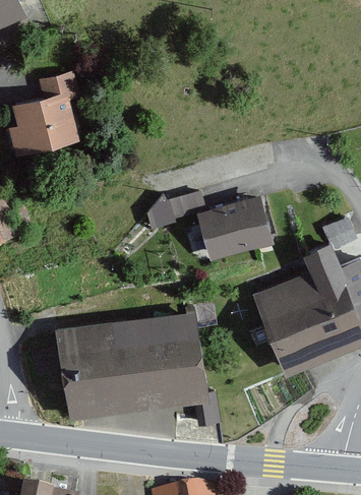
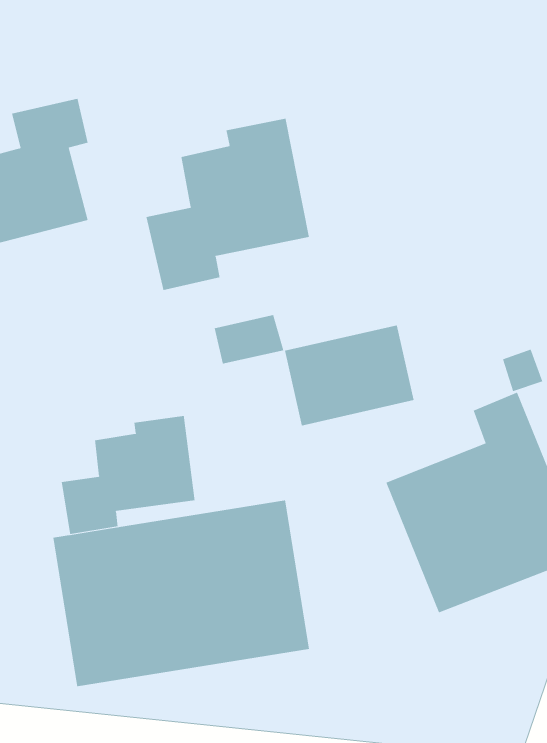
building: none -> [146,118,309,291]
building: none -> [61,415,195,535]

